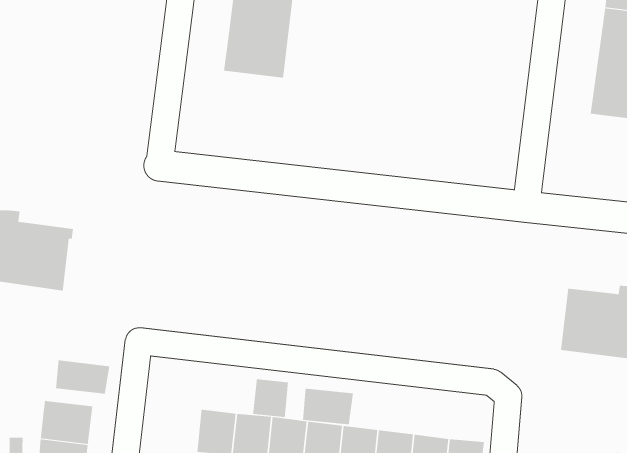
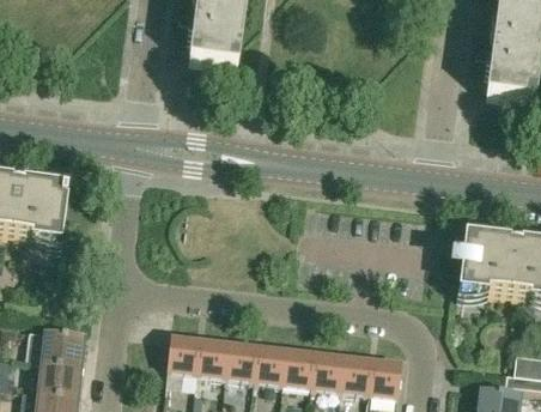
building: [55,360,110,395] -> none
building: [252,379,288,418] -> none
building: [302,388,353,425] -> none

